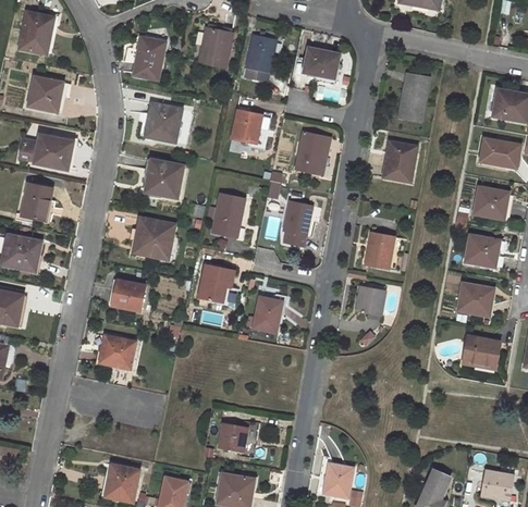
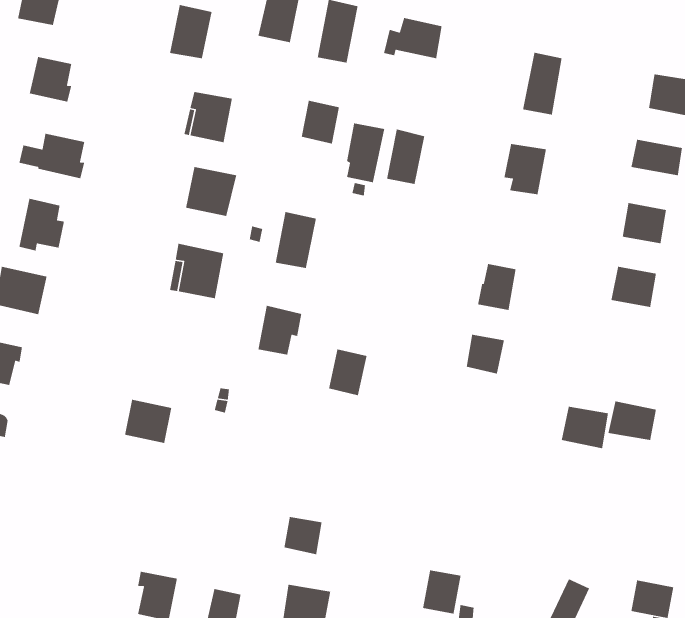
building: [283,200,312,246] -> [346,123,385,183]
building: [111,280,145,310] -> none
building: [457,283,493,316] -> [561,406,609,449]

